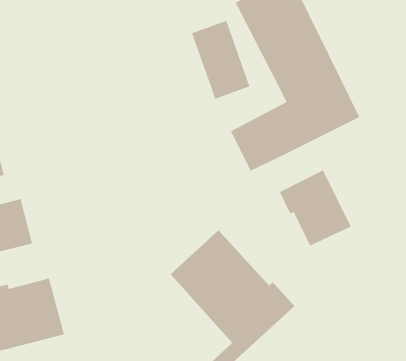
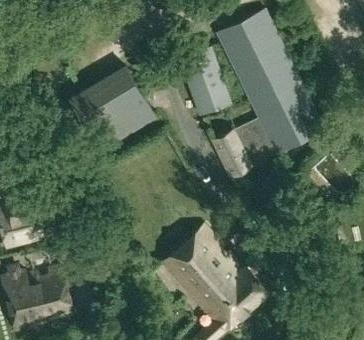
building: none -> [69,67,154,151]
building: [279,170,351,246] -> none

